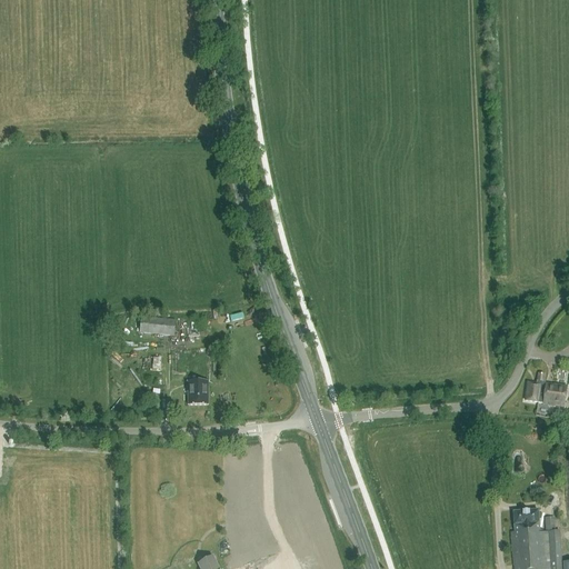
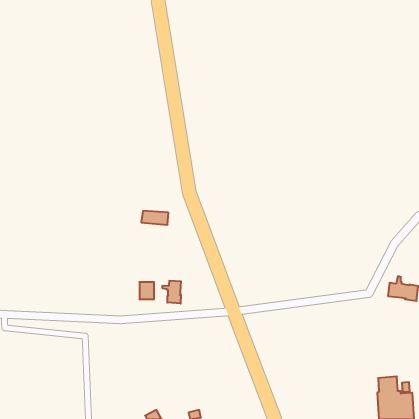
building: [139,318,176,337] -> [141,211,168,225]
building: none -> [162,281,181,304]

